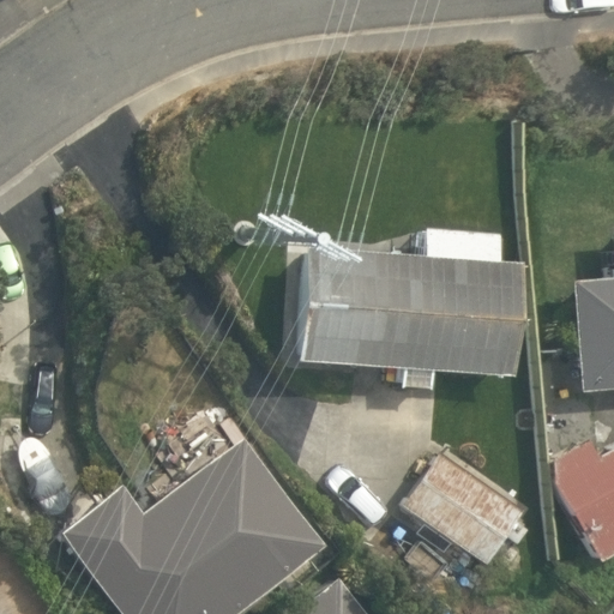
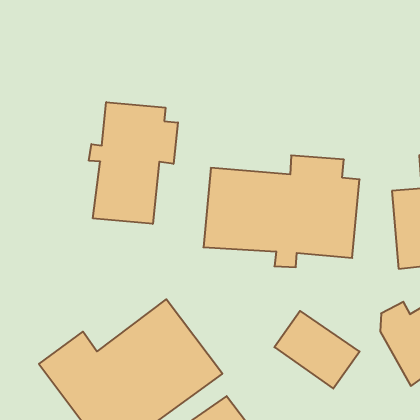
building: none -> [89,102,178,224]

